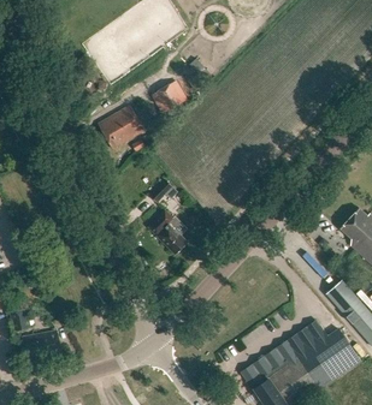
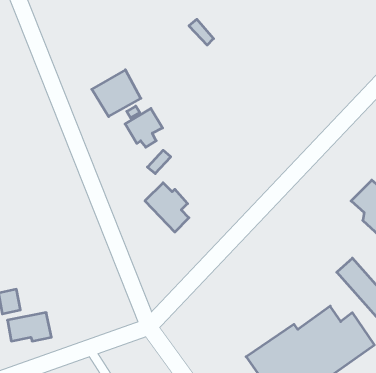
building: [153,81,188,117] -> [125,108,163,147]

